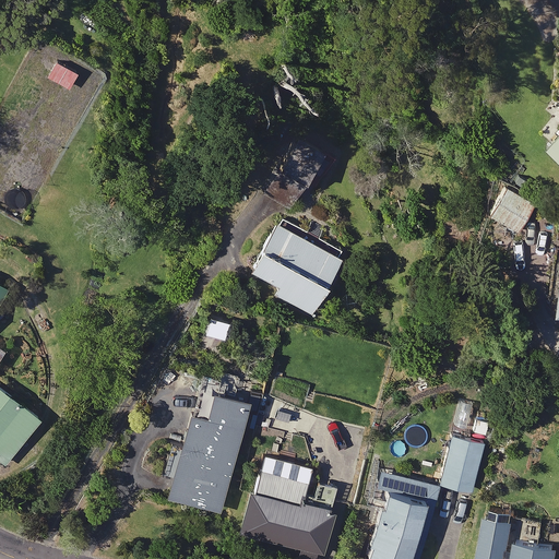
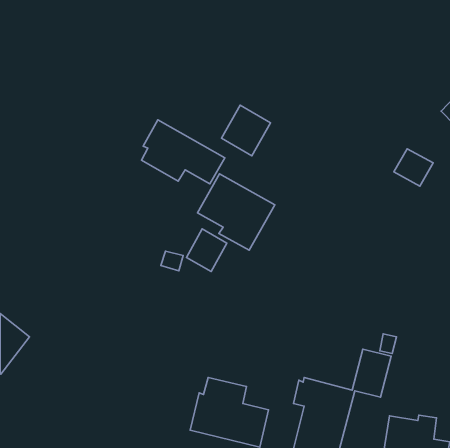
building: none -> [141,120,225,184]
building: none -> [187,229,227,272]
building: [167,389,248,513] -> none

